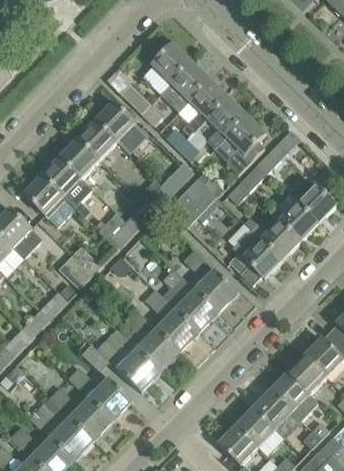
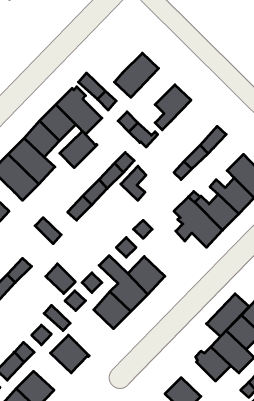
building: [150,44,192,84] -> none
building: [186,79,228,132] -> none
building: [224,114,265,175] -> none
building: none -> [60,131,97,168]
building: [186,178,216,218] -> none
building: [58,255,91,289] -> [46,264,75,294]
building: [194,269,237,312] -> none
building: none -> [206,294,249,337]
building: [117,349,159,392] -> none
building: [69,398,112,440] -> none
building: [235,408,274,447] -> none

